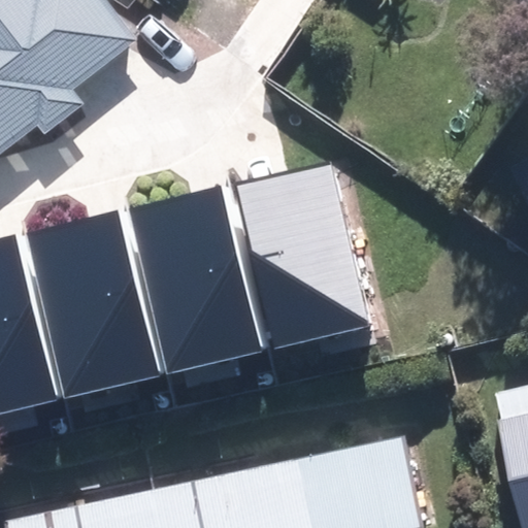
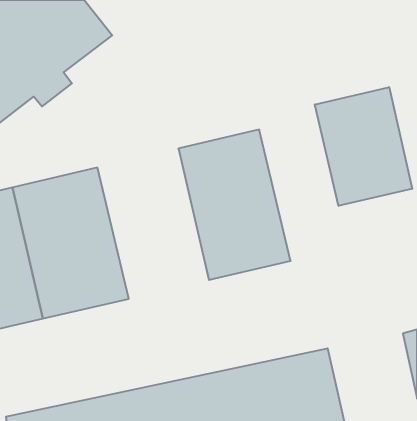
building: none -> [315,87,412,206]
building: [122,187,261,374] -> none

